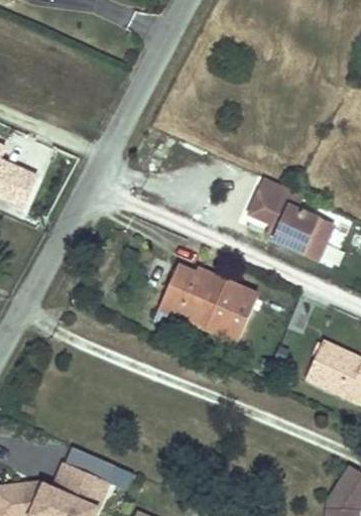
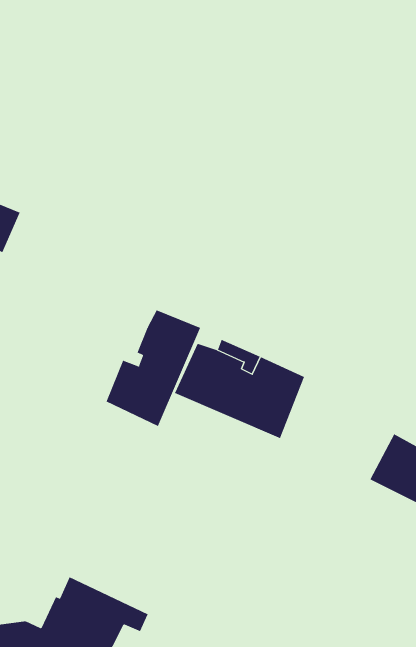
building: [241,181,326,257] -> none
building: none -> [106,310,201,427]

